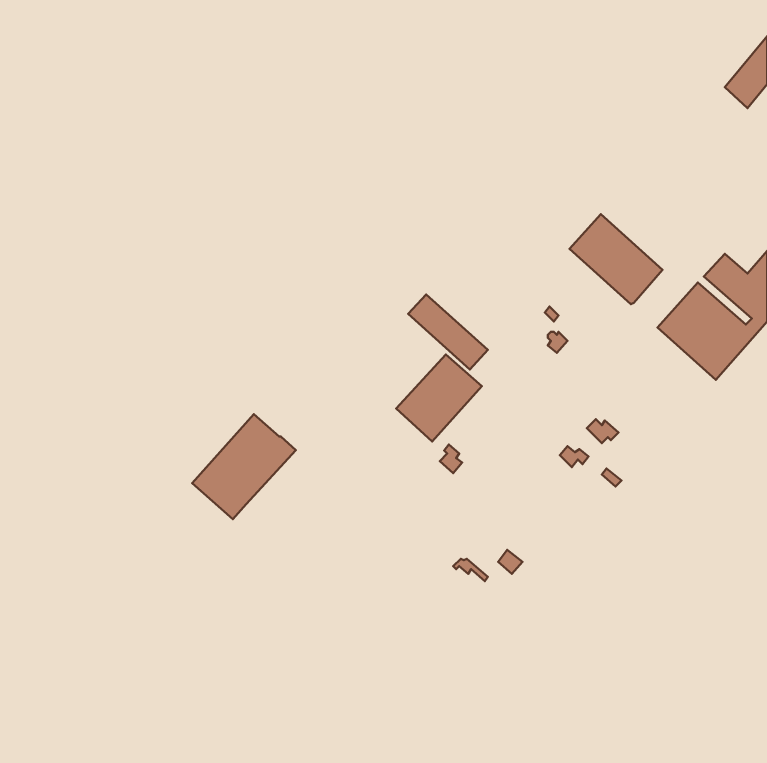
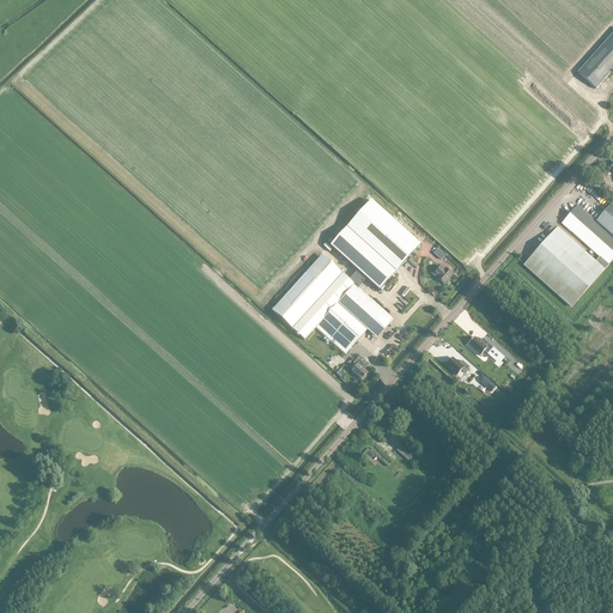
building: [569,214,662,304] -> [346,198,420,269]
building: [192,414,296,519] -> [273,254,356,338]

